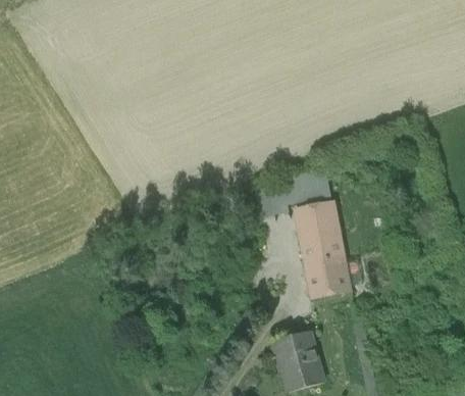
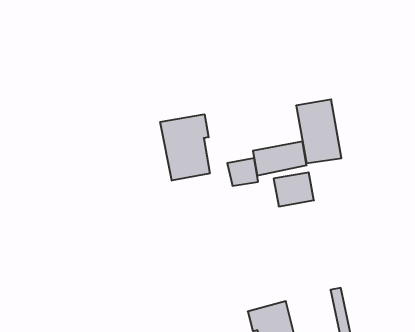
building: none -> [160,114,210,181]
building: [302,231,347,294] -> [296,99,341,163]

